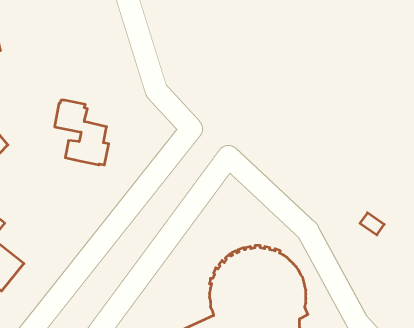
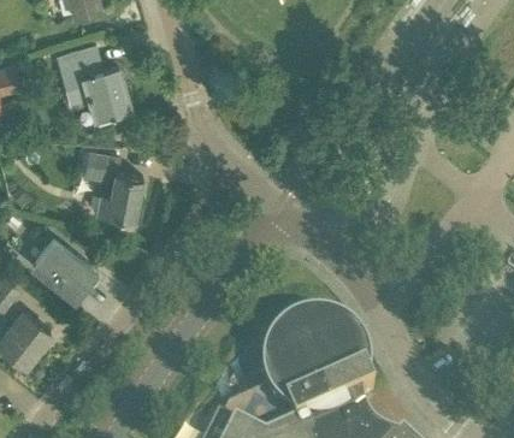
building: none -> [58,43,132,117]
building: none -> [35,233,99,294]

